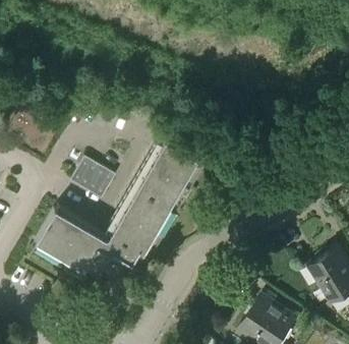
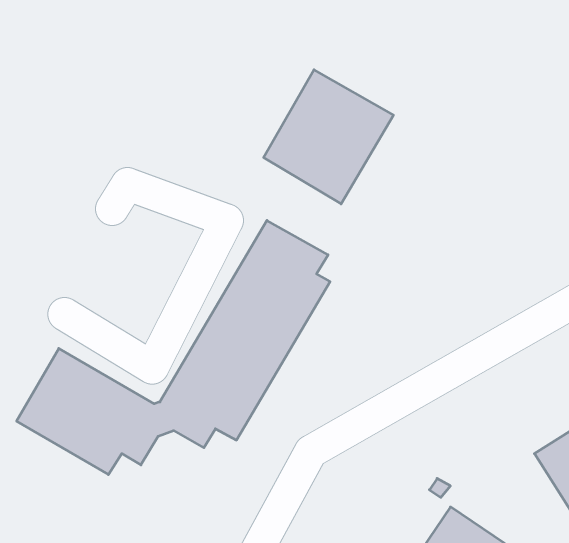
building: none -> [264,70,393,204]
building: [69,157,115,198] -> none

